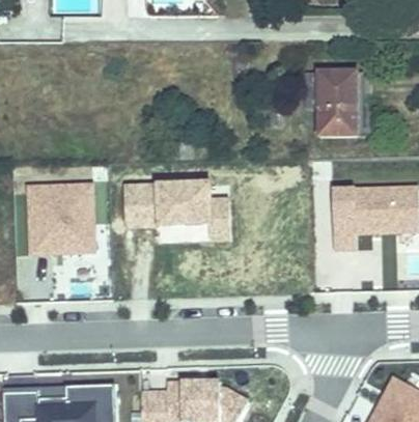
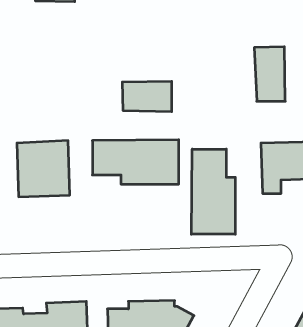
building: none -> [122,81,172,112]
building: none -> [191,149,235,234]

